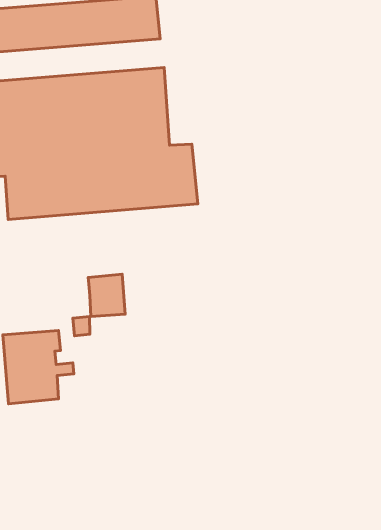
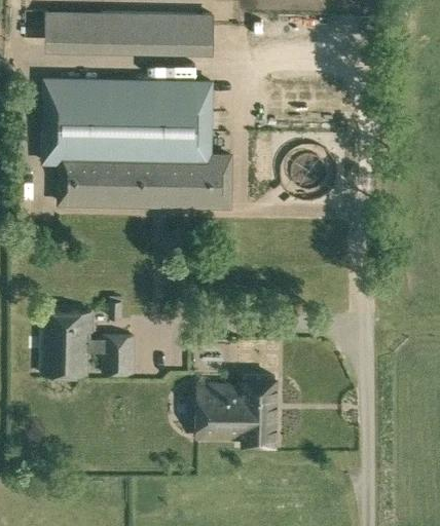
building: [88,274,125,316] -> [102,337,135,374]
building: none -> [196,378,276,445]

